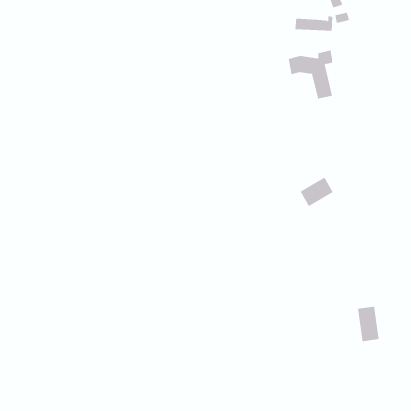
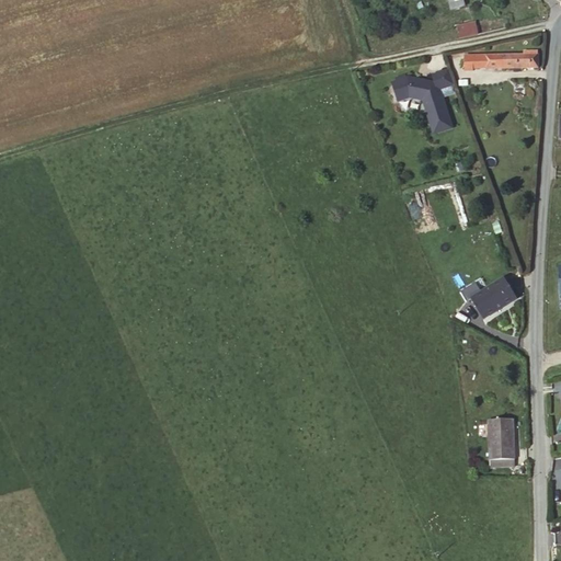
building: [295,16,333,31] -> [478,48,530,69]
building: [300,177,334,207] -> [470,276,516,317]

